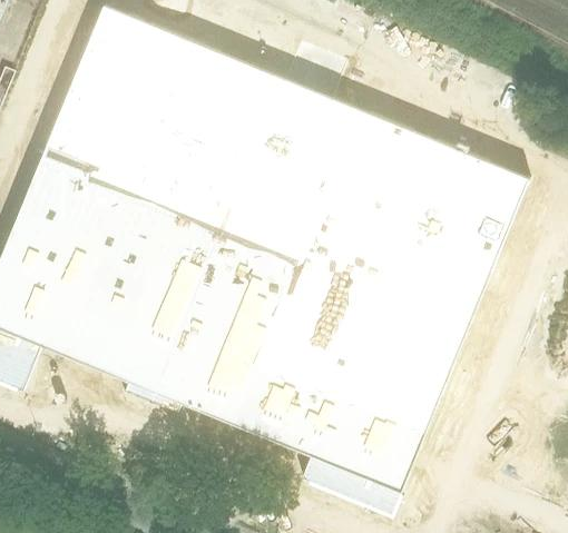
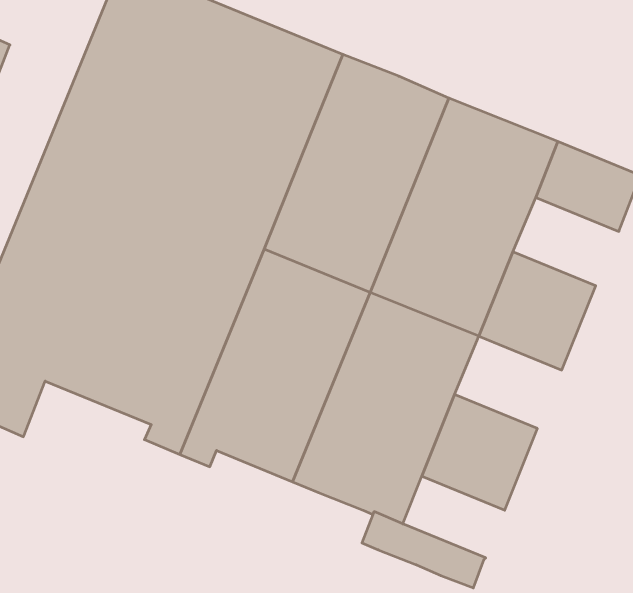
building: [423,196,510,268] -> none
building: [375,309,463,385] -> none
building: [333,424,417,491] -> none

